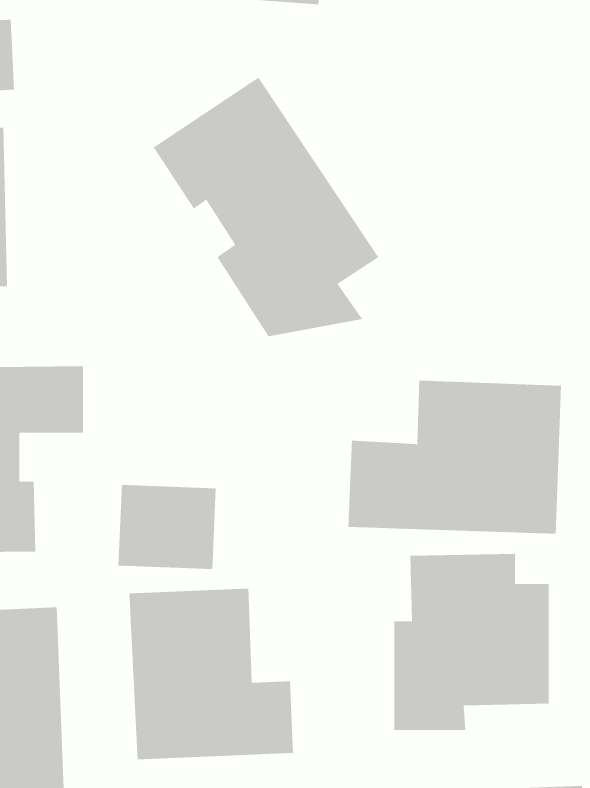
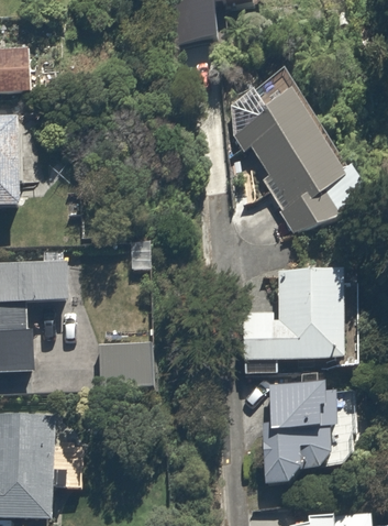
building: [153,77,379,337] -> [215,66,356,228]
building: [129,588,294,760] -> none

